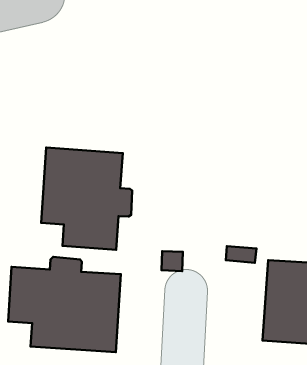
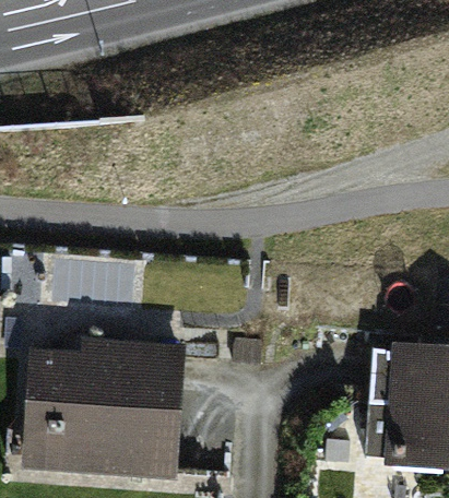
building: [41,148,132,250] -> none

